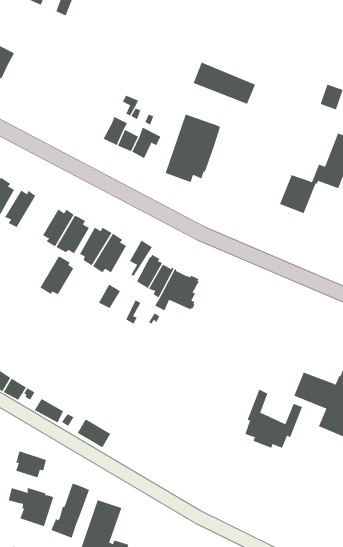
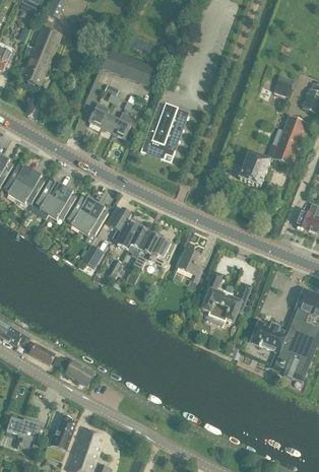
building: none -> [18,26,62,85]
building: [193,62,256,105] -> [102,49,155,85]
building: [40,255,74,295] -> [15,171,45,204]
building: none -> [178,249,202,290]
building: [244,389,303,448] -> [201,270,251,321]
building: [15,451,46,478] -> none

